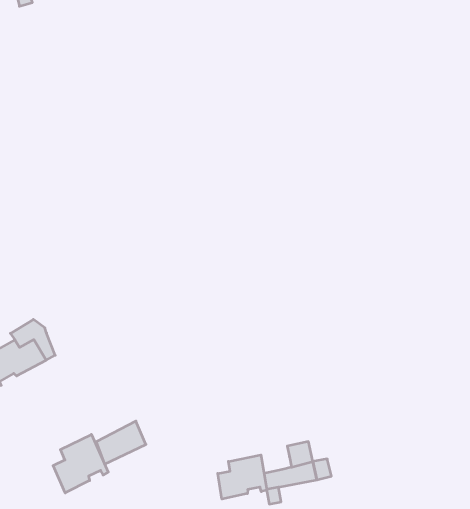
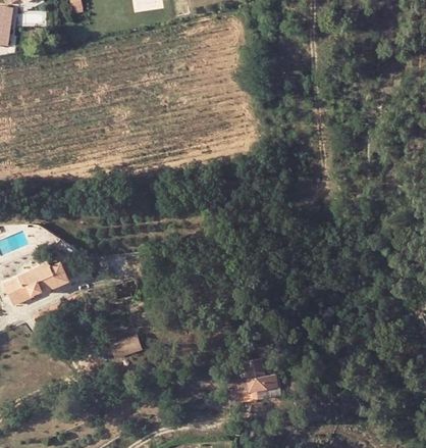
building: [53,434,108,493] -> none
building: [218,455,267,499] -> none

